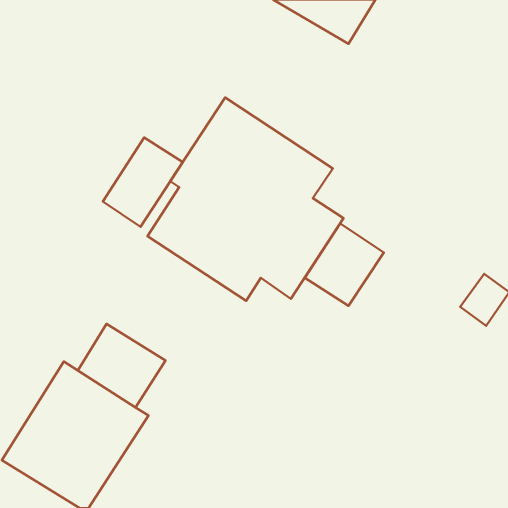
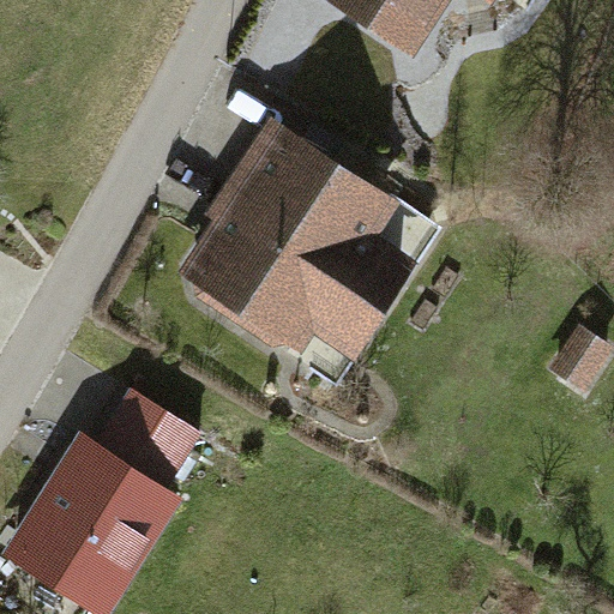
building: [103,138,183,227] -> none
building: [305,224,384,306] -> none

